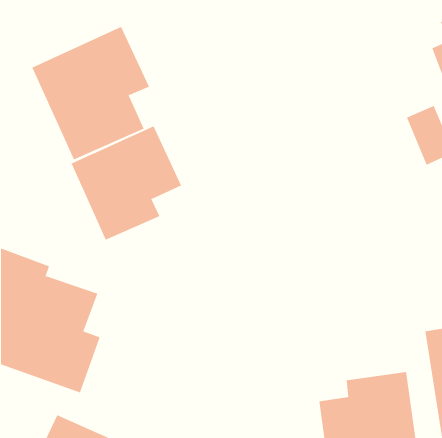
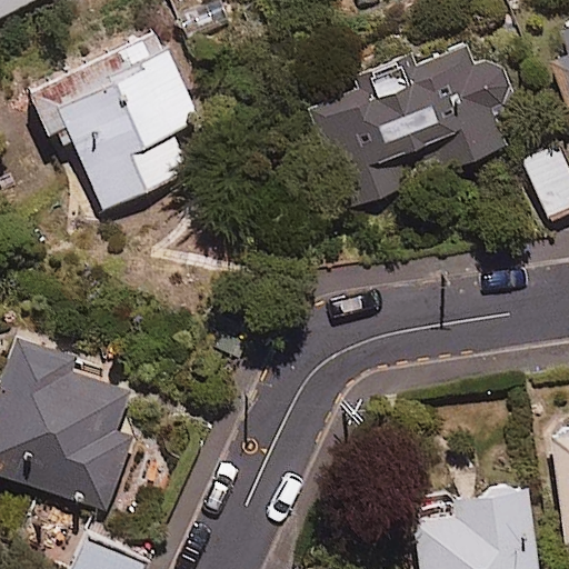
building: none -> [318,41,513,206]
building: [71,125,182,241] -> none

